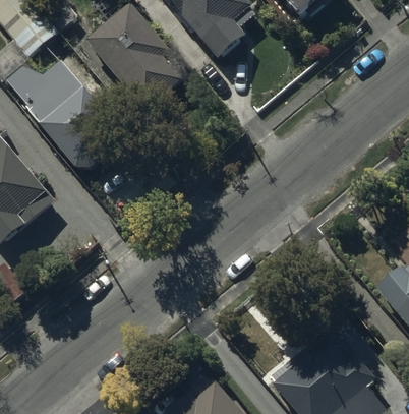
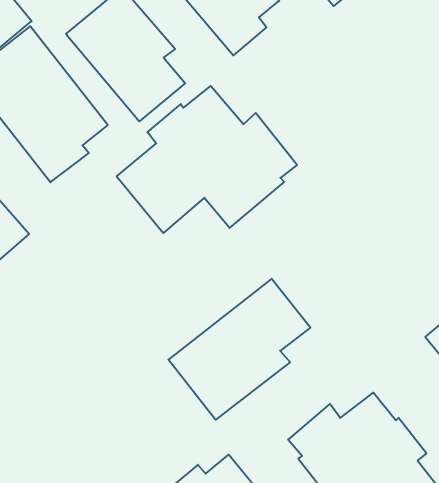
building: none -> [117,86,297,233]
building: none -> [168,279,310,420]

